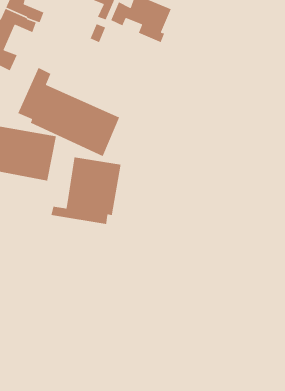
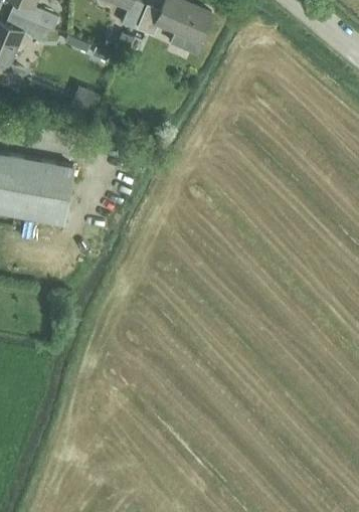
building: [17,67,120,157] -> none
building: [51,157,122,225] -> none

